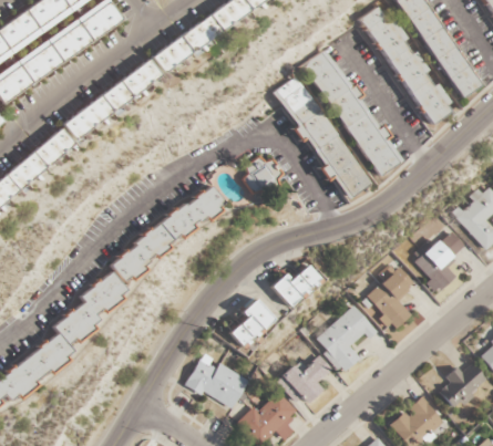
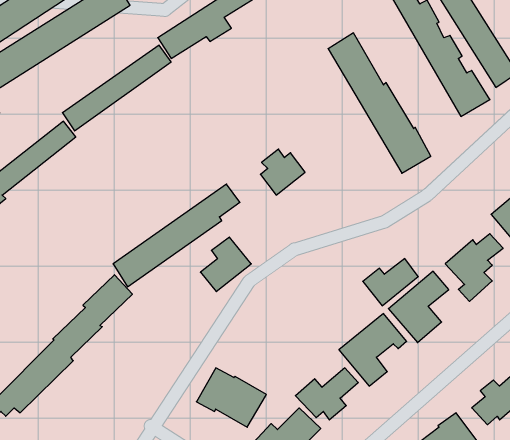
building: [275,76,369,198] -> none
building: [270,265,321,308] -> [363,259,418,306]
building: [229,299,276,349] -> [200,237,251,292]

